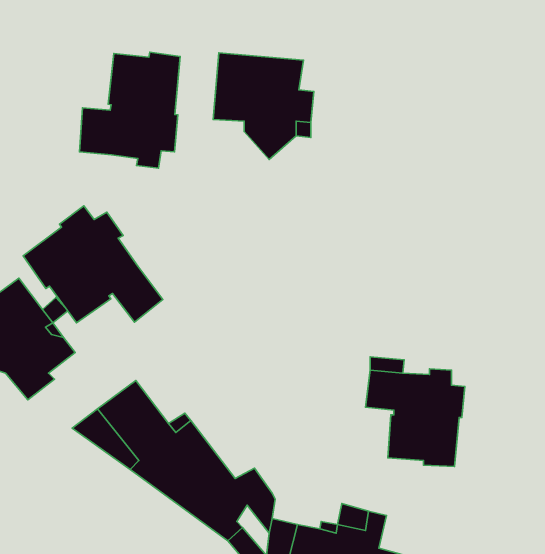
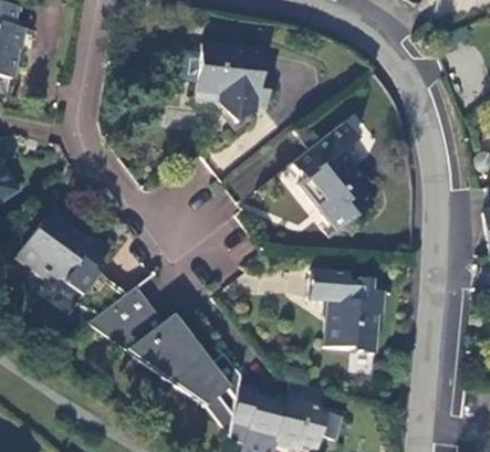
building: [79,52,180,168] -> none
building: none -> [296,124,374,228]
building: [23,206,163,323] -> none

